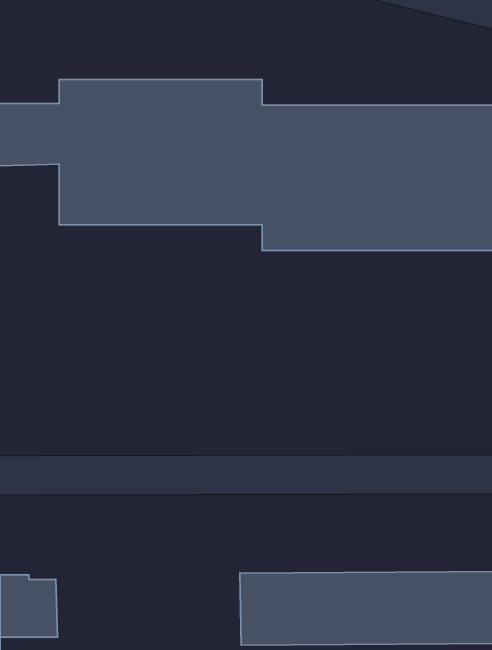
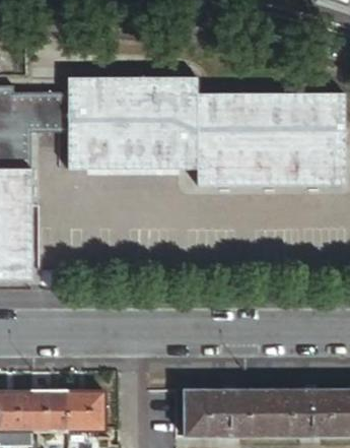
building: none -> [67,392,103,432]

